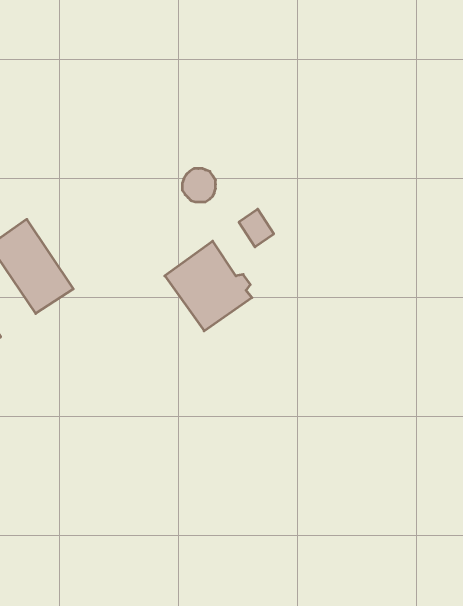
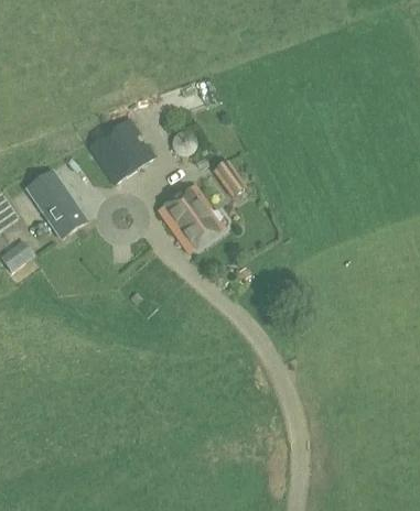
building: none -> [87,117,155,184]

